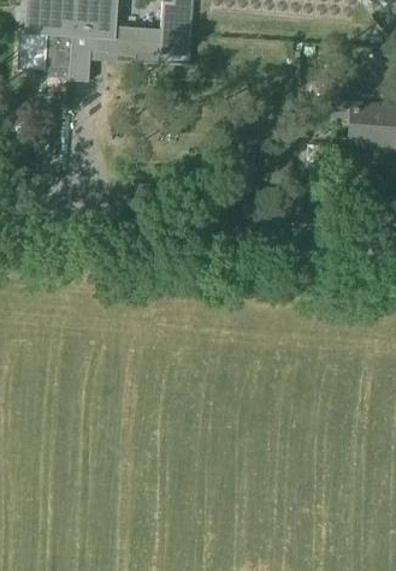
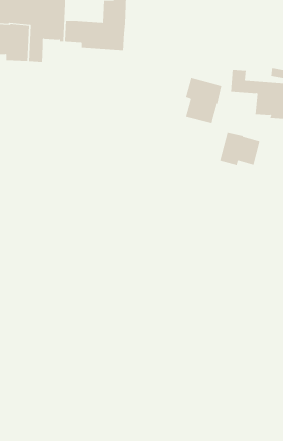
building: none -> [185,77,222,124]
building: none -> [220,132,260,166]

